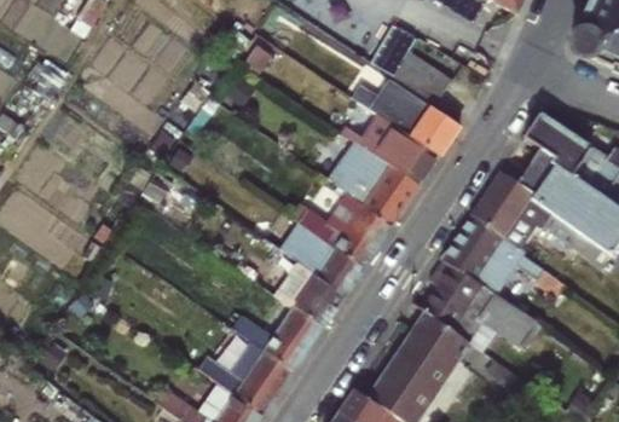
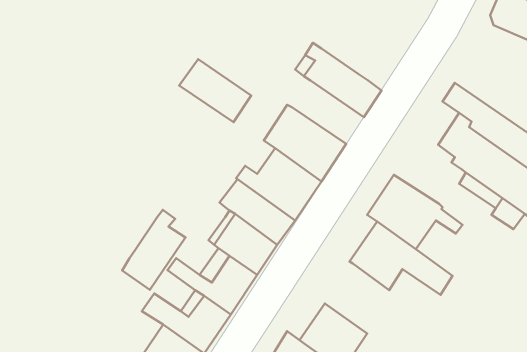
building: [392,48,451,104] -> none
building: [359,111,438,180] -> [179,59,251,122]
building: [470,169,544,245] -> none
building: none -> [122,210,186,290]
building: [395,311,472,387] -> none

